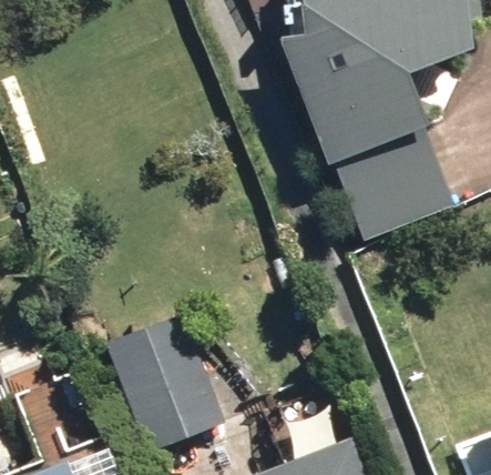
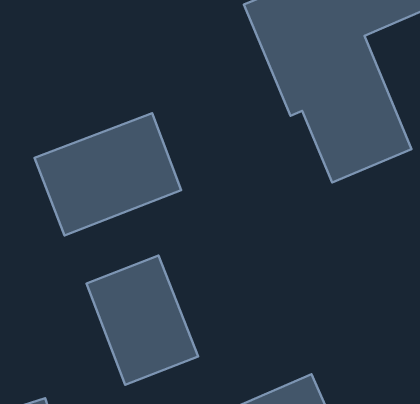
building: none -> [35,113,181,236]

